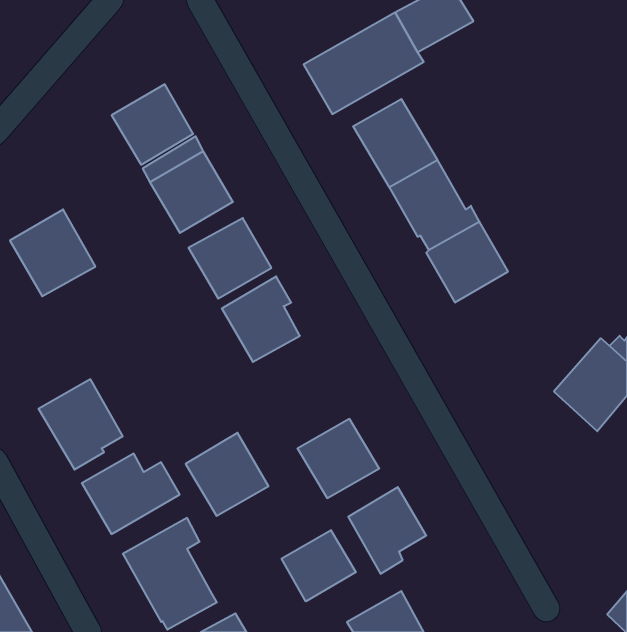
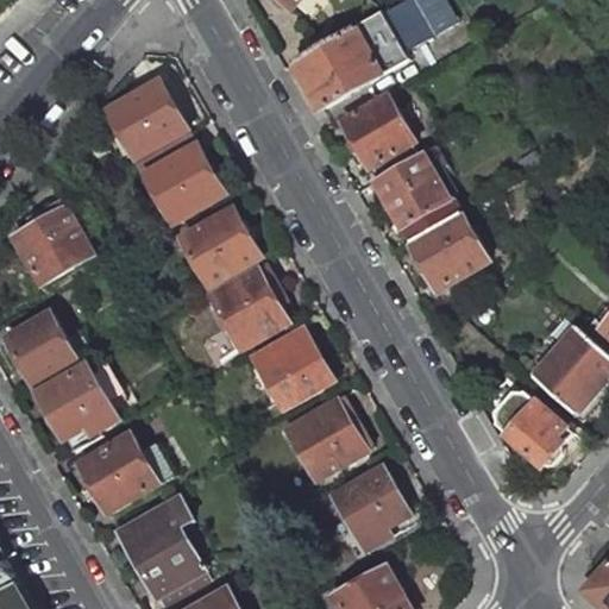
building: none -> [6,313,76,385]
building: none -> [494,402,571,466]
building: [186,433,269,516] -> [251,329,331,409]
building: [282,530,356,601] -> none

